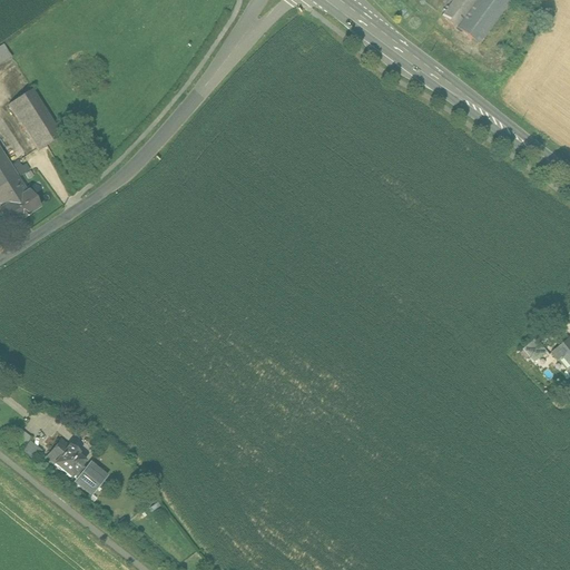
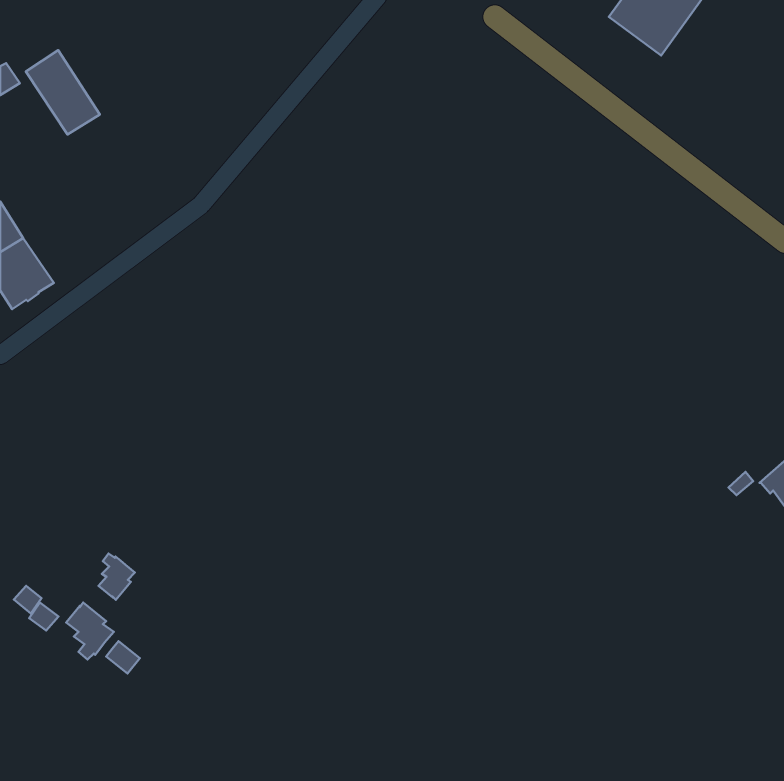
building: [9,86,62,147] -> [26,50,100,135]
building: none -> [98,554,135,600]

